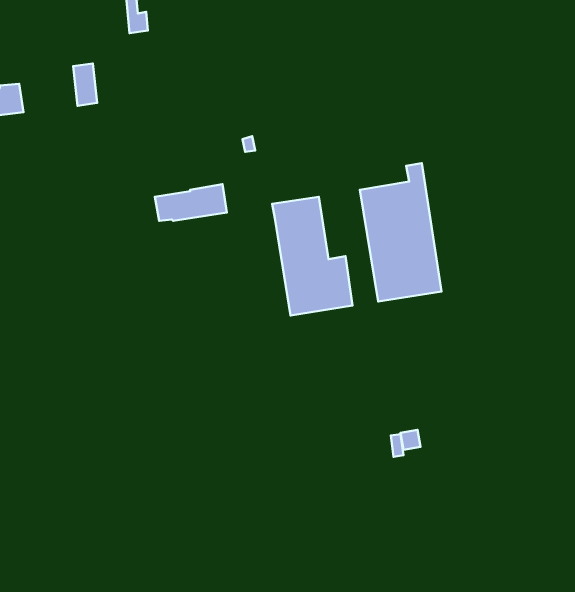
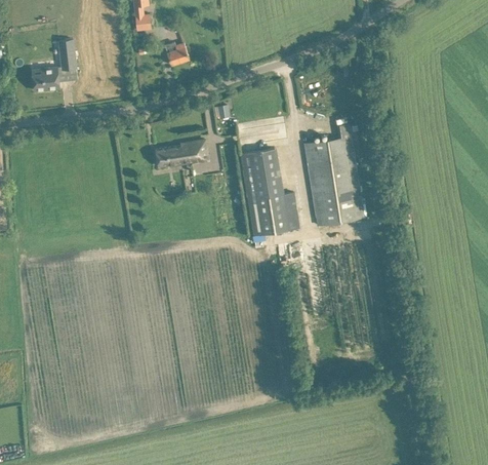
building: none -> [164,42,189,66]
building: [73,63,97,106] -> [58,40,76,71]

